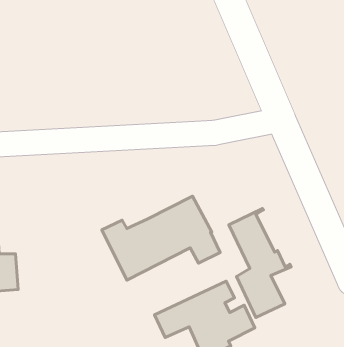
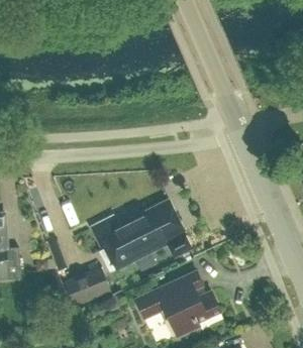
building: [229,209,291,317] -> none
building: none -> [66,266,112,306]

